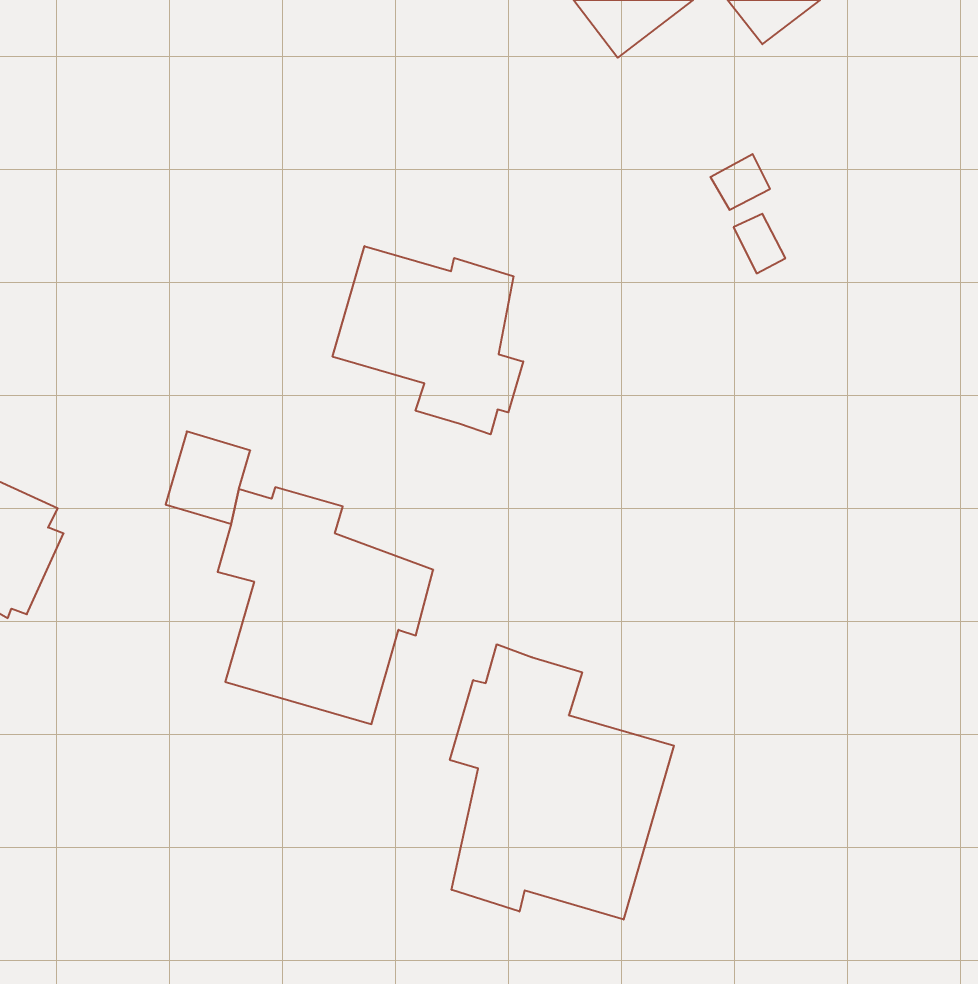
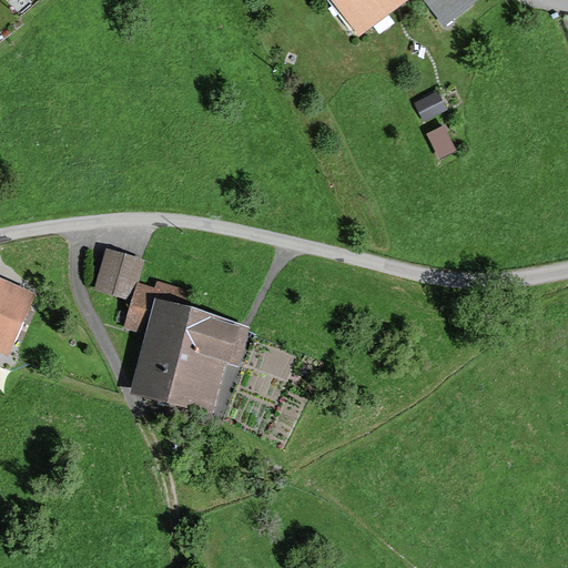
building: [333,246,523,434] -> none
building: [450,644,674,920] -> none

